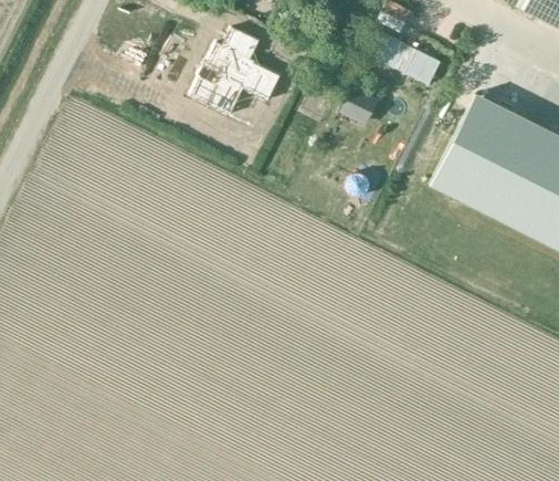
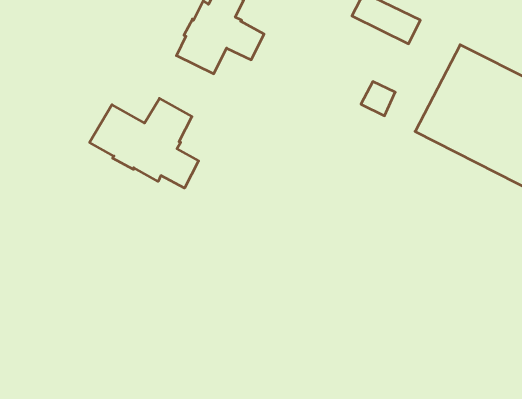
building: [339,93,375,128] -> [361,82,395,116]
building: none -> [90,98,199,188]

